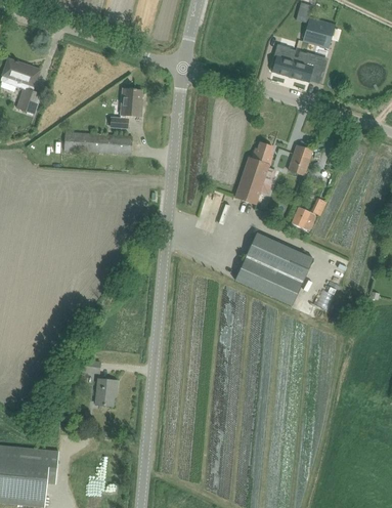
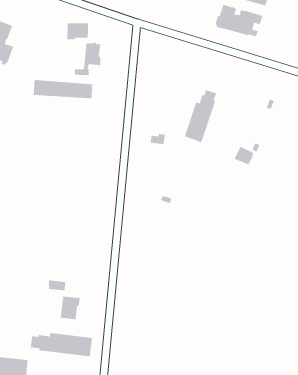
building: none -> [66,23,89,40]
building: [288,144,313,175] -> none
building: [235,232,313,305] -> none
building: none -> [30,332,93,357]

